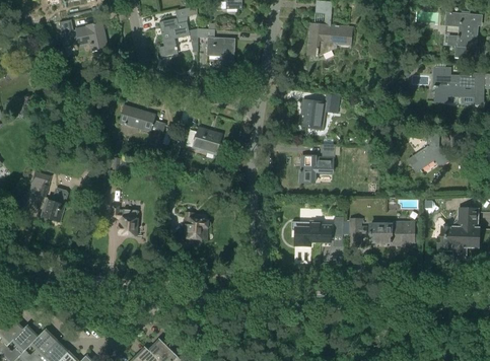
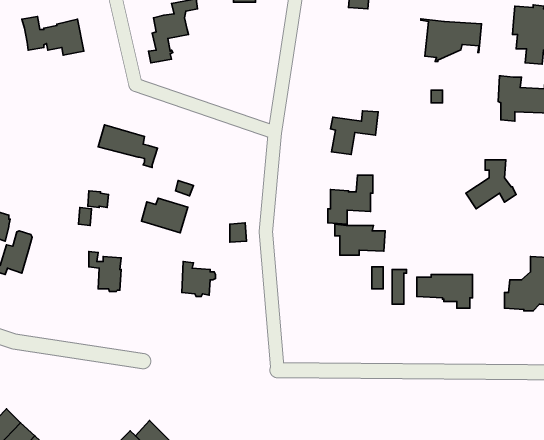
building: [304,22,352,56] -> [421,19,482,61]
building: [198,28,234,71] -> none
building: [186,126,222,153] -> [142,198,188,233]
building: [291,220,331,244] -> [335,224,385,255]

